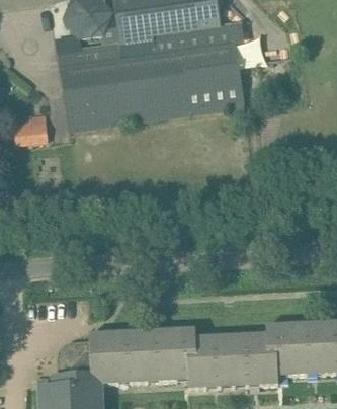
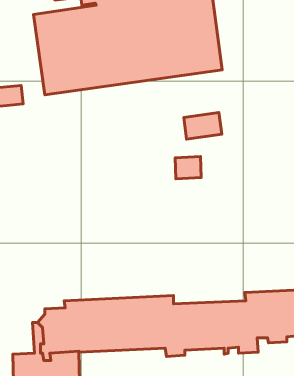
building: none -> [184,112,222,139]
building: none -> [175,156,201,179]

